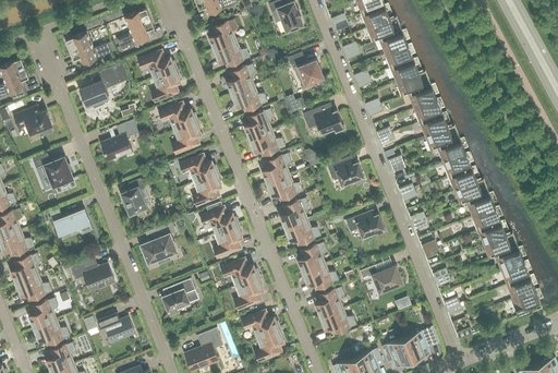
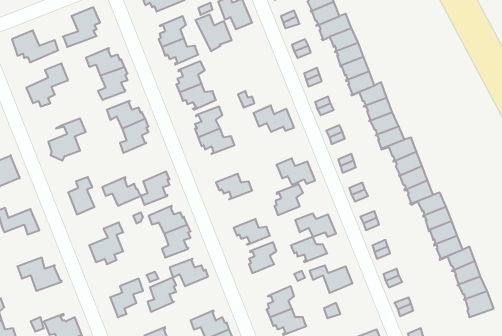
building: [288,52,324,88] -> [195,15,232,51]
building: [264,153,291,183] -> none
building: [180,154,218,182] -> [102,177,141,206]
building: [281,197,310,228] -> [274,184,303,215]
building: [303,264,339,289] -> [291,237,327,262]
building: [234,276,263,310] -> [148,278,176,312]

